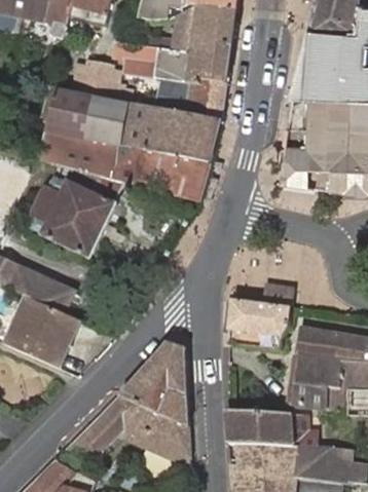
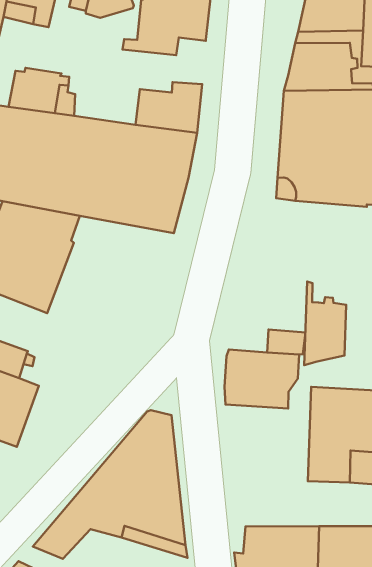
building: [116,41,230,86] -> none
building: none -> [304,282,346,365]
building: [224,408,318,445] -> none

